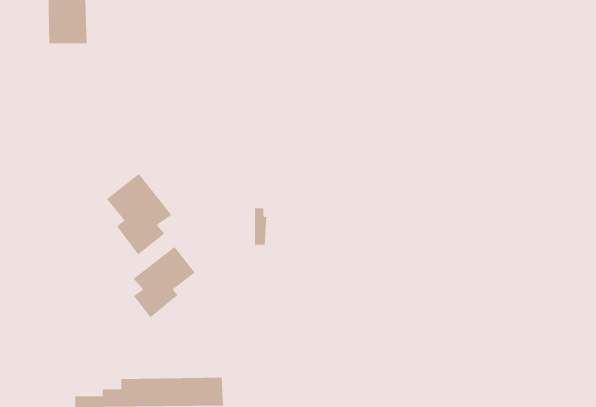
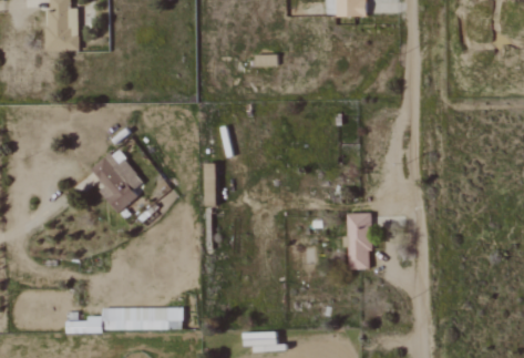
building: [133,246,196,318] -> none
building: none -> [346,213,370,268]

